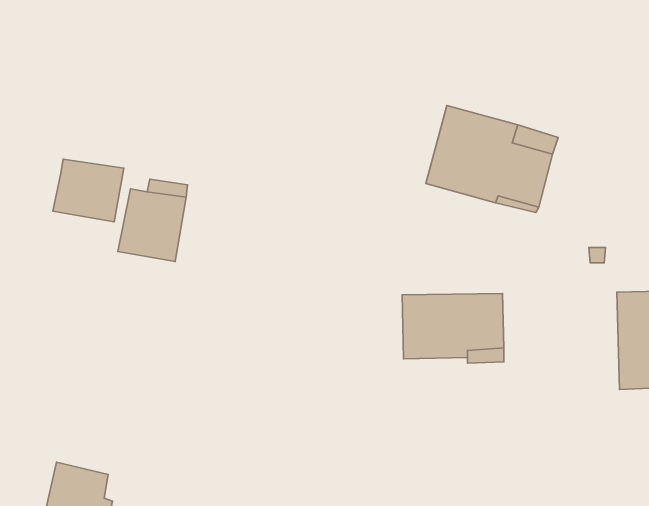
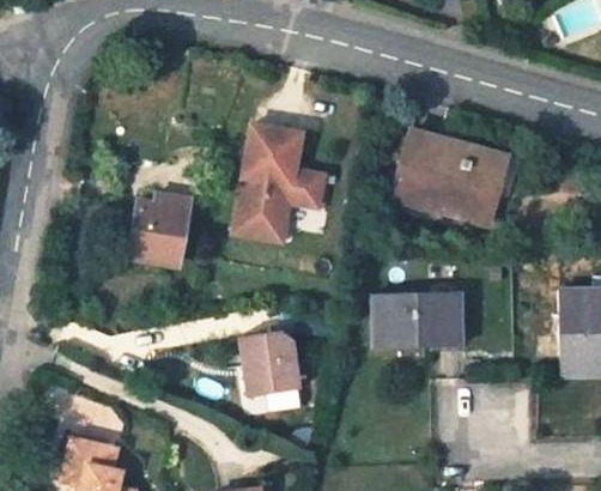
building: none -> [233,127,326,243]
building: [53,159,124,222] -> none
building: none -> [238,328,299,398]

